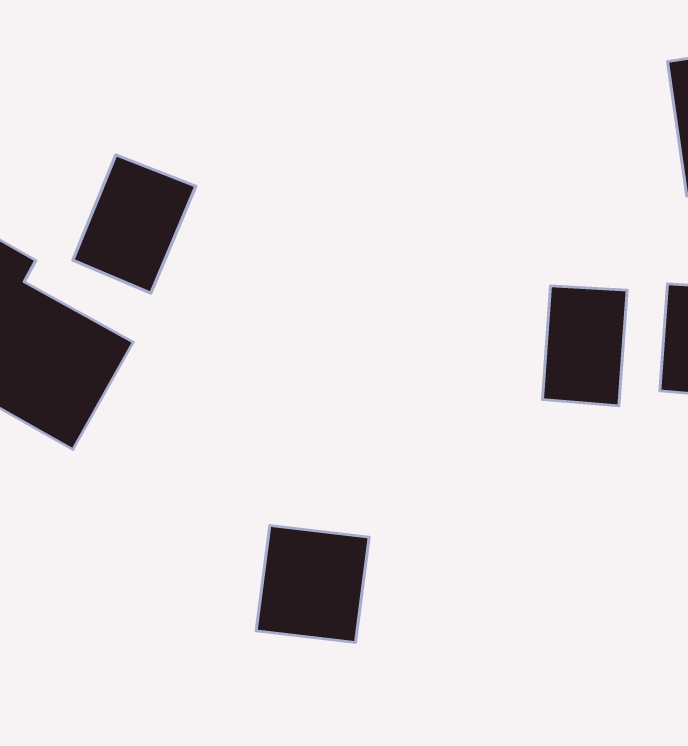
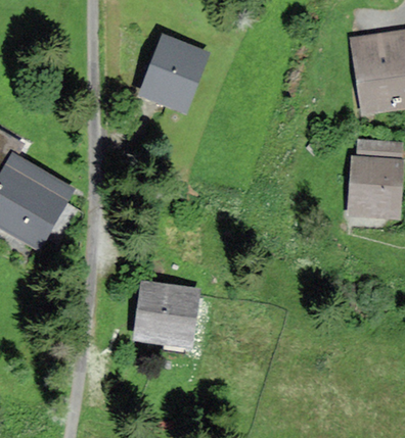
building: [73,155,196,293] -> [141,38,206,110]
building: [543,286,627,406] -> none

